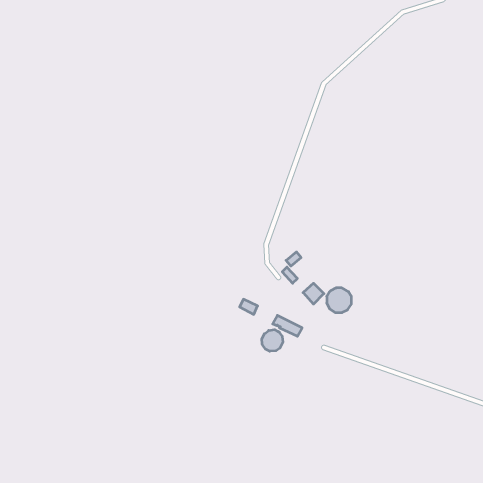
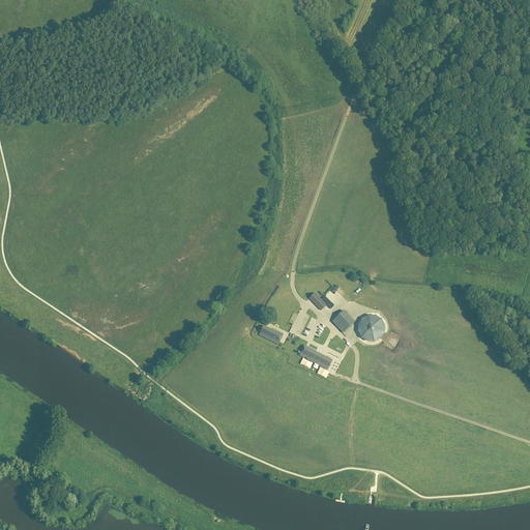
building: [262,330,283,351] -> none

